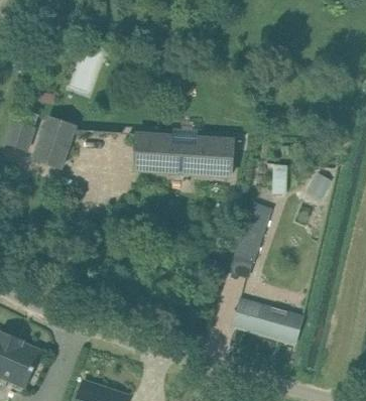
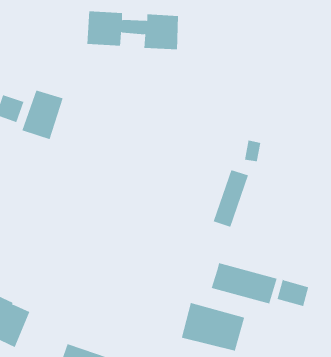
building: [133,134,231,175] -> [87,11,179,50]
building: none -> [277,279,309,307]
building: none -> [181,302,245,352]

